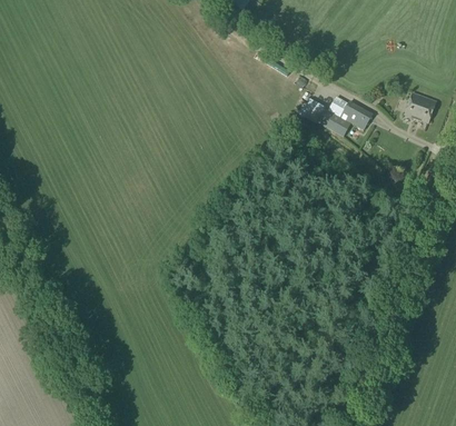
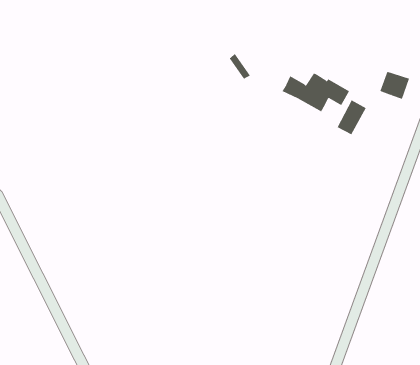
building: none -> [337,100,367,135]

